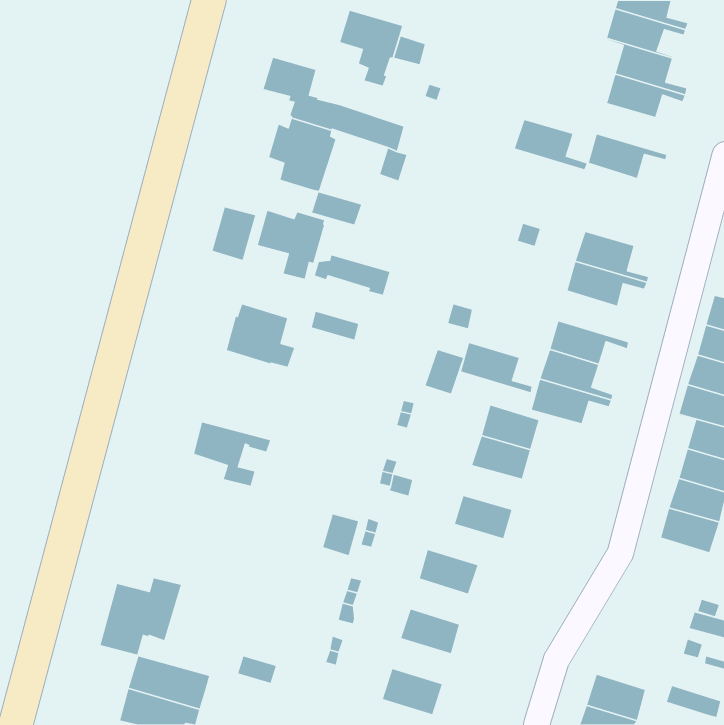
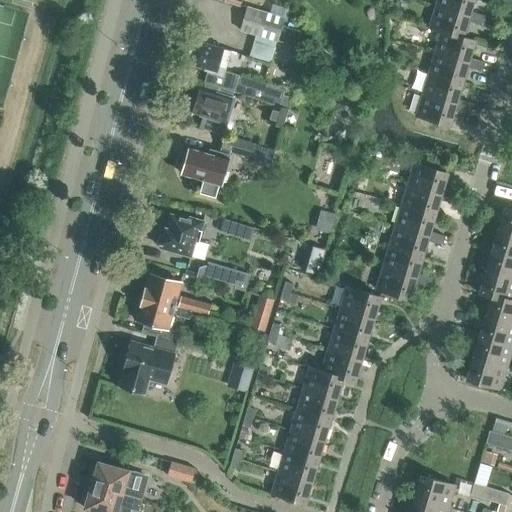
building: [514,119,588,170] -> [421,73,473,109]
building: [212,206,256,261] -> none
building: [314,254,391,296] -> [196,262,250,291]
building: [460,342,533,393] -> [394,205,445,241]
building: none -> [143,273,211,314]
building: none -> [249,297,274,329]
building: none -> [327,328,369,359]
building: none -> [302,366,356,398]
building: [99,577,182,655] -> [120,338,178,393]
building: none -> [290,408,331,440]
building: none -> [277,450,319,482]

